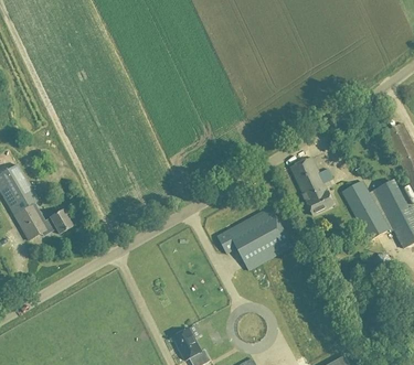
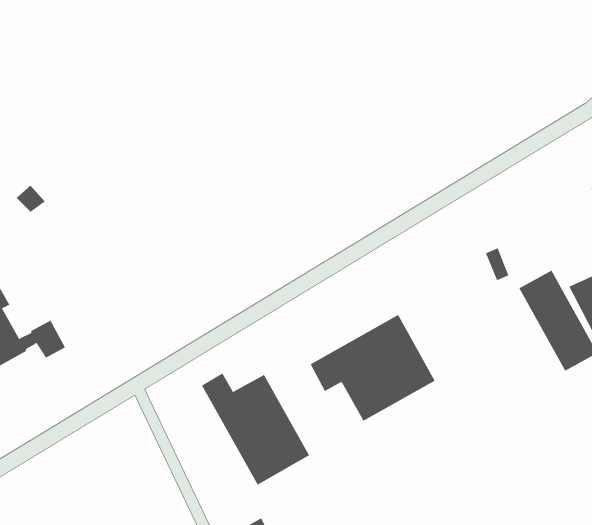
building: [289,155,333,214] -> none
building: none -> [201,372,310,485]

